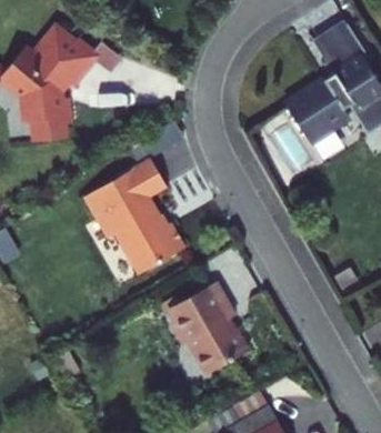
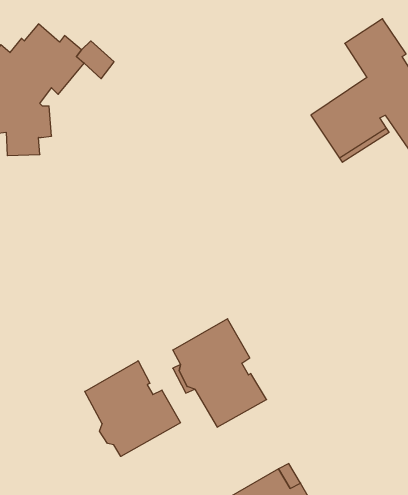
building: [84,155,184,271] -> none
building: none -> [85,361,180,456]

